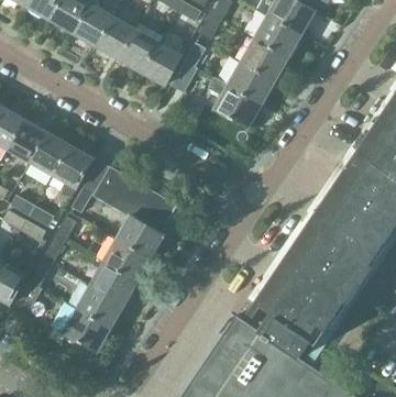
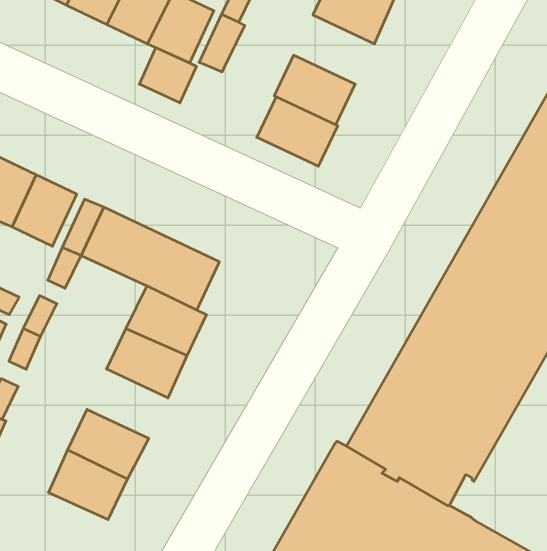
building: [227,63,275,106] -> [257,97,338,166]
building: none -> [139,48,196,103]
building: [89,263,138,306] -> none

